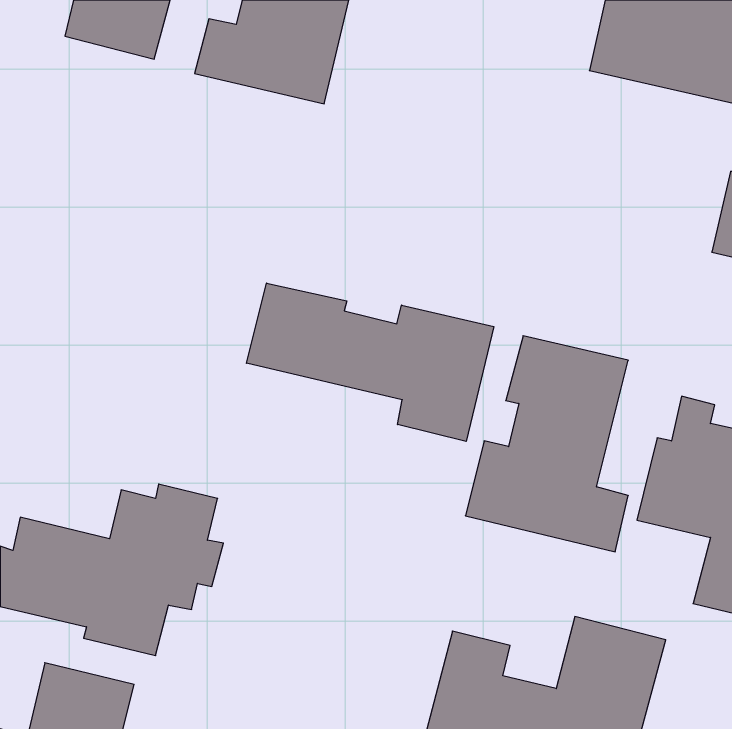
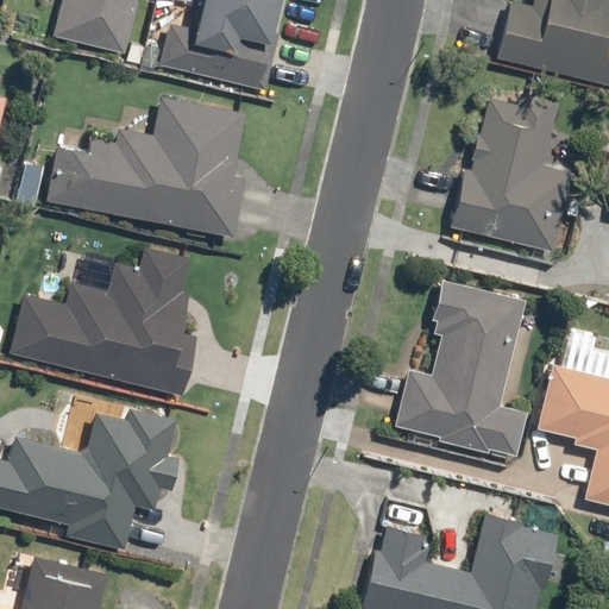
building: none -> [50,95,253,236]
building: none -> [446,96,569,258]
building: [246,283,494,441] -> none
building: none -> [13,246,200,396]

